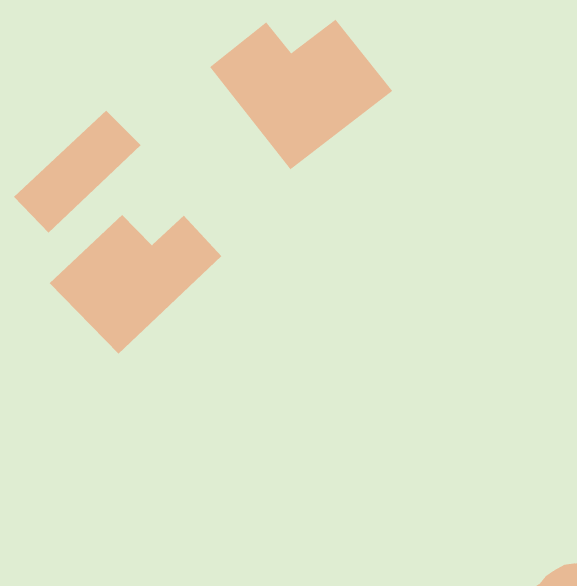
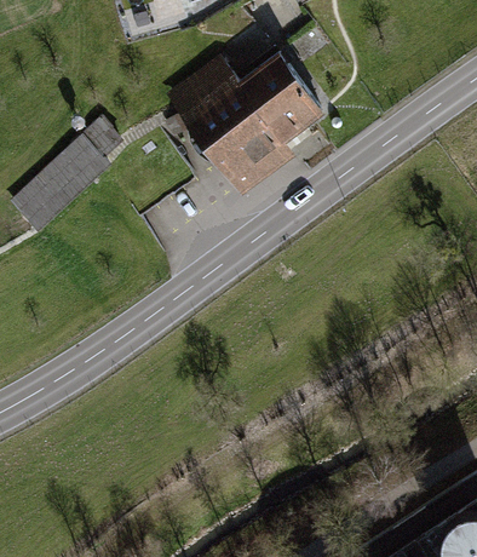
building: [49,214,222,355] -> none

